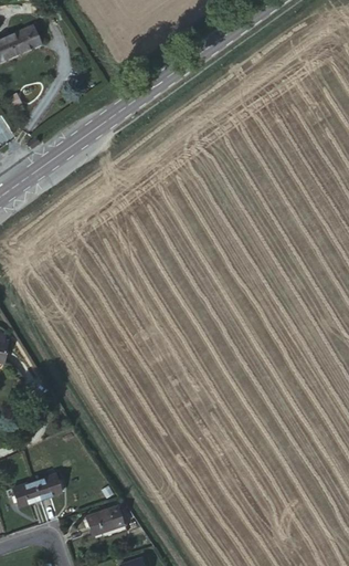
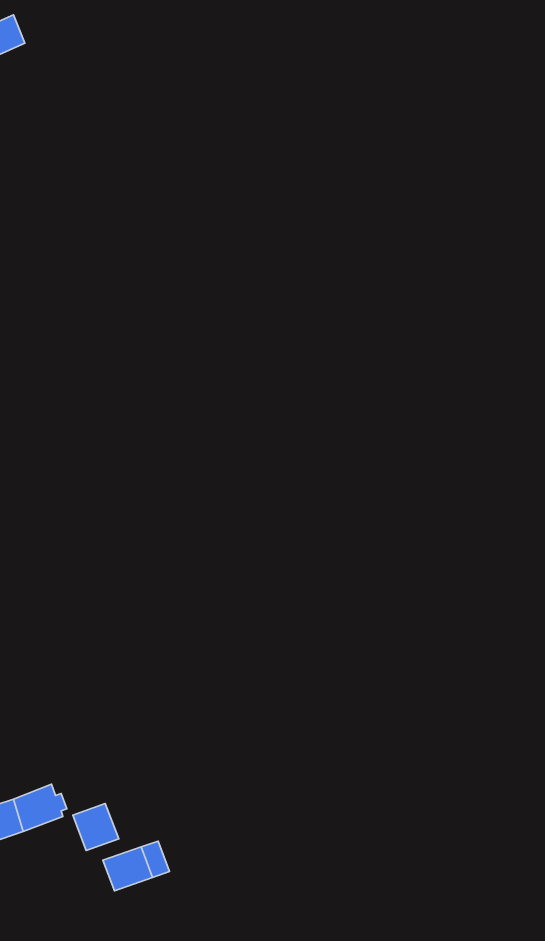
building: none -> [73,804,119,851]

